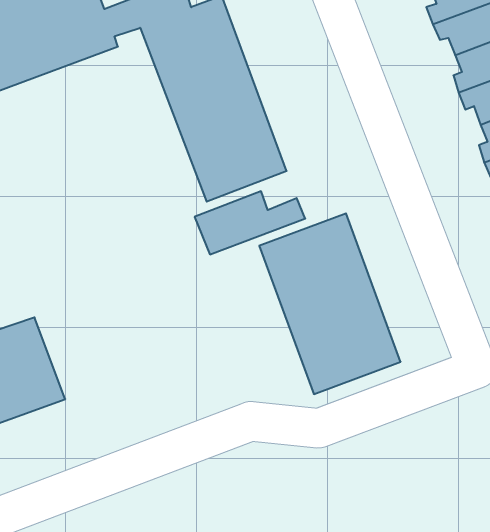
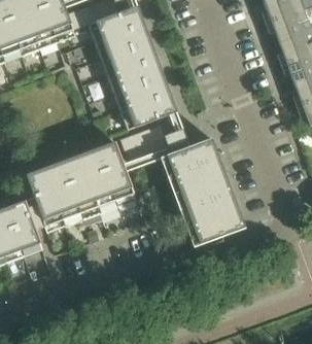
building: none -> [25,141,136,232]

